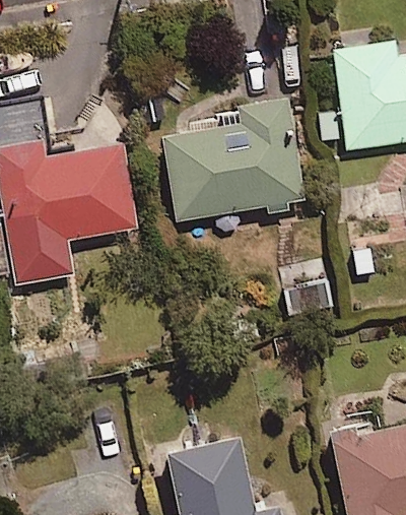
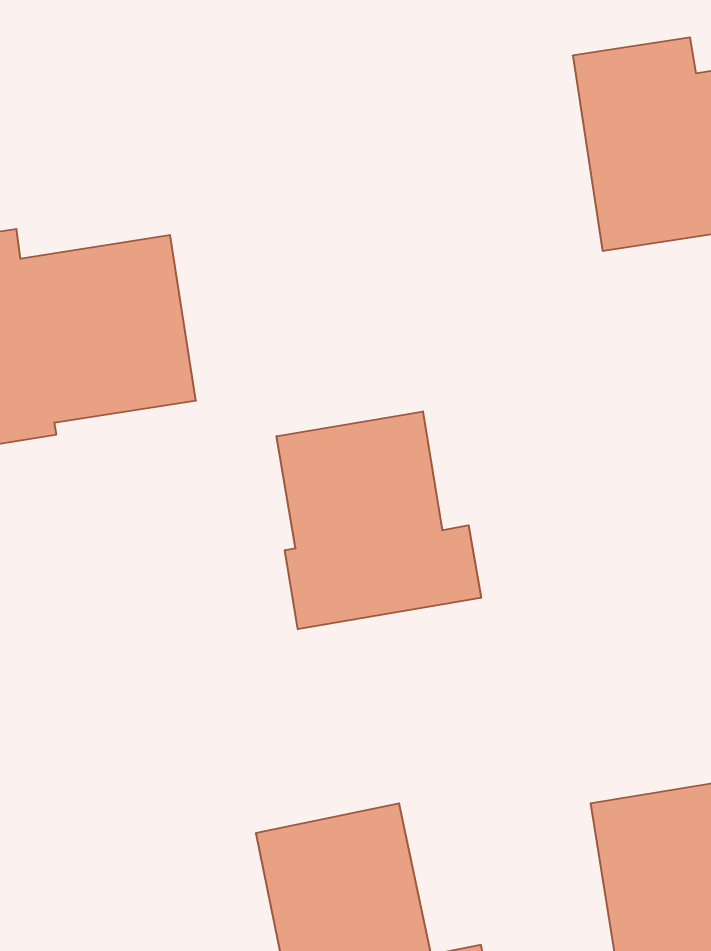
building: [156,100,297,223] -> none
building: none -> [277,411,481,629]

